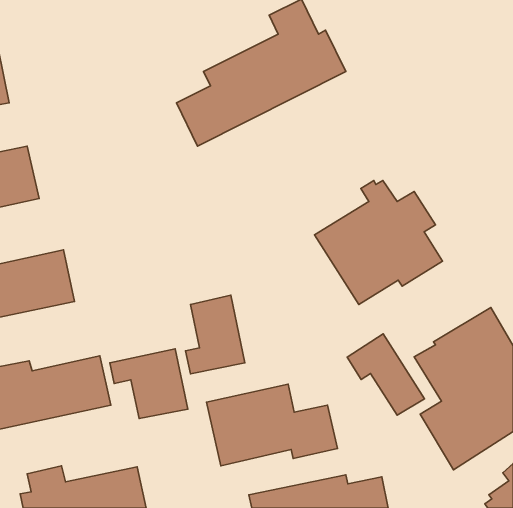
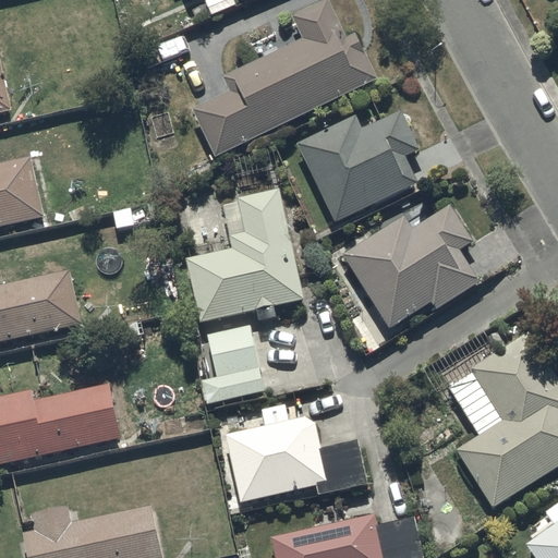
building: none -> [296,111,418,223]
building: none -> [185,190,304,323]
building: [347,334,424,415] -> none
building: [110,349,188,419] -> none

